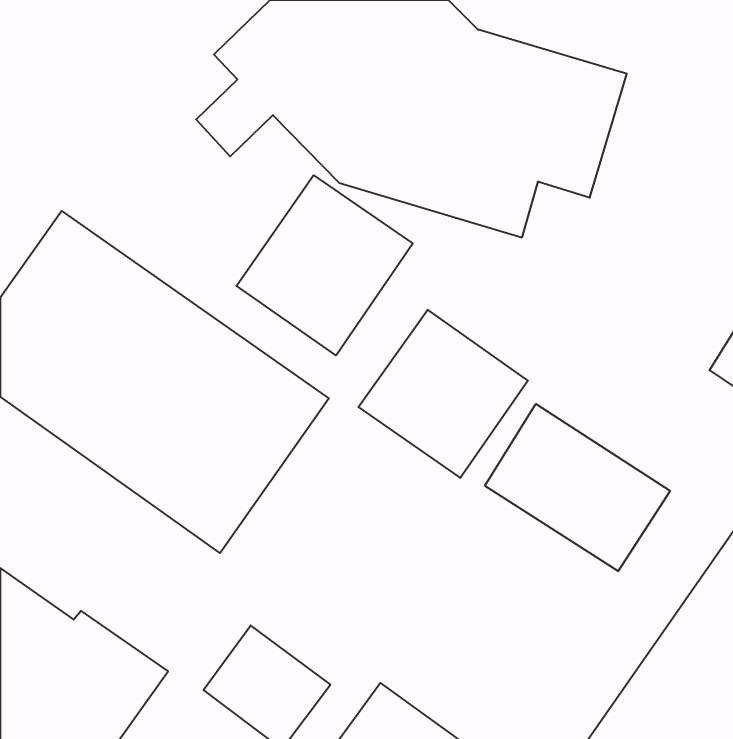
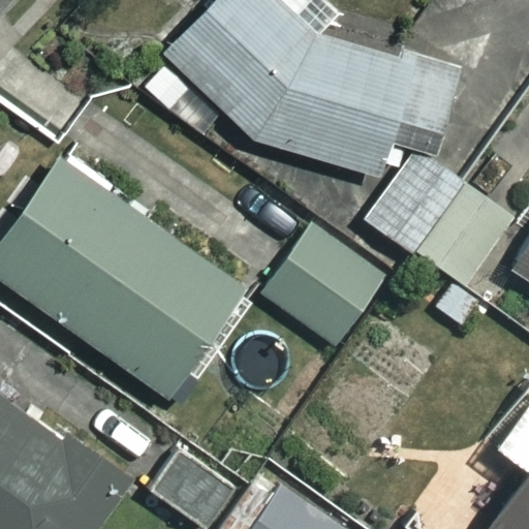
building: [236,175,413,355] -> none
building: none -> [370,151,515,286]
building: [485,404,670,571] -> none

